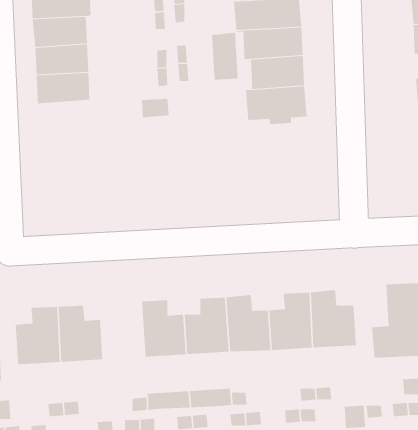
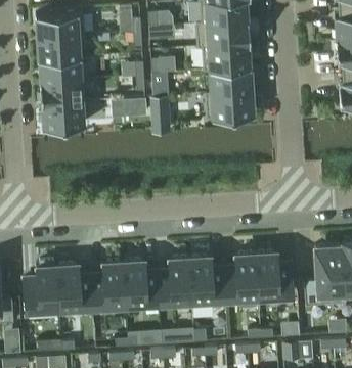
building: [211,32,239,80] -> [149,97,171,135]
building: none -> [41,102,85,132]
building: none -> [91,261,126,307]

